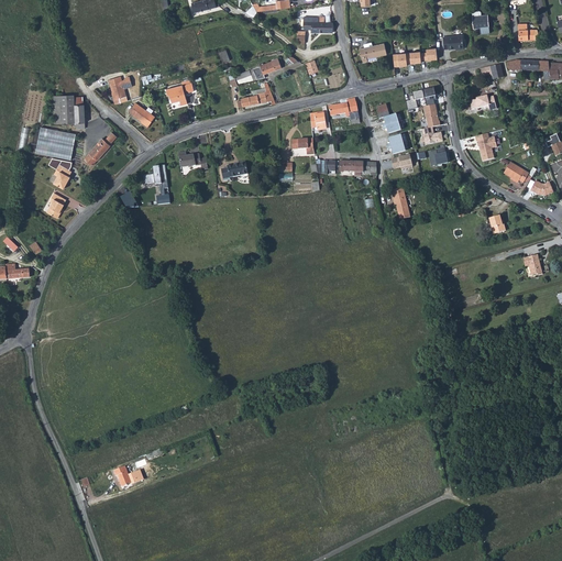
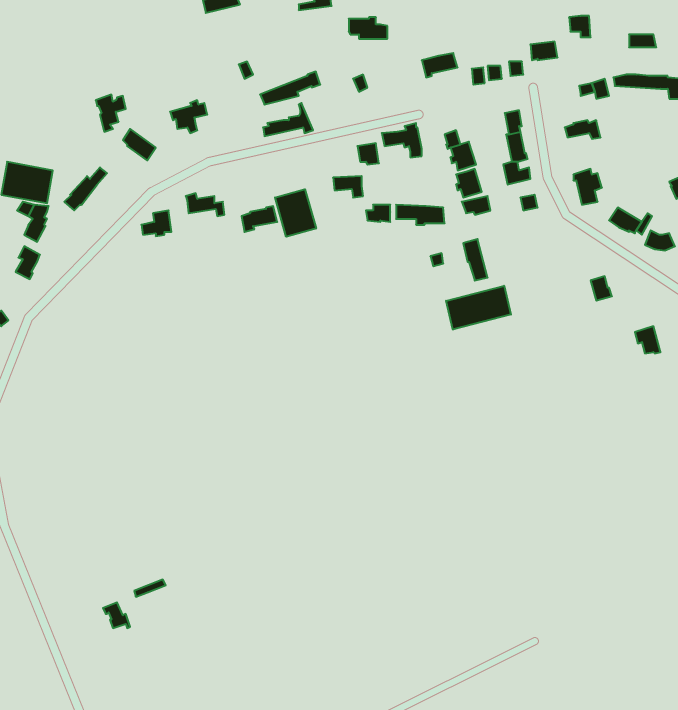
building: [52,95,85,128] -> none
building: none -> [275,189,316,237]
building: none -> [446,286,511,330]

